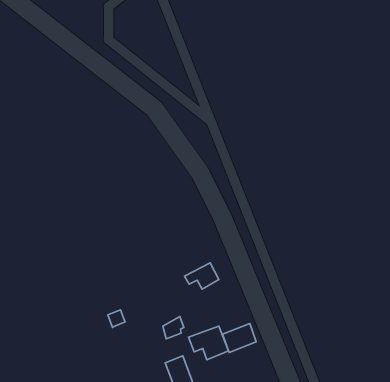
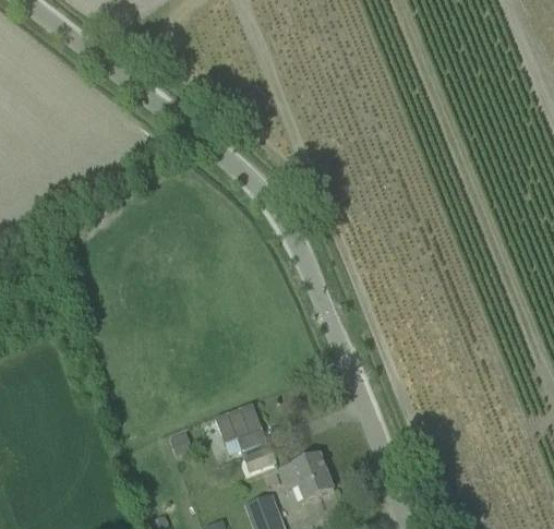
building: [185,263,219,289] -> [219,416,266,452]
building: [223,324,256,352] -> none

